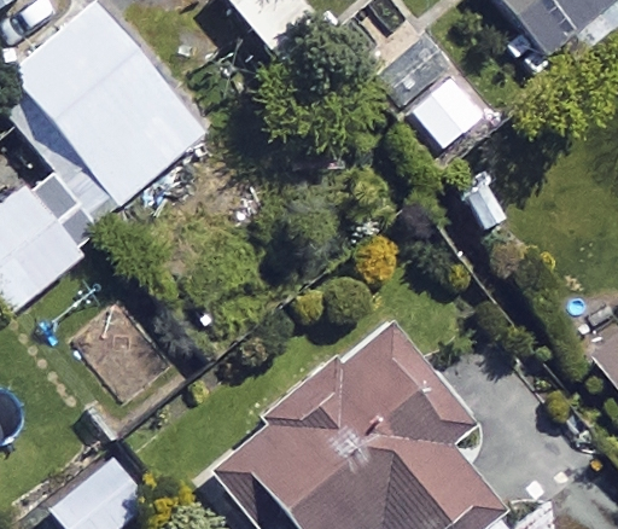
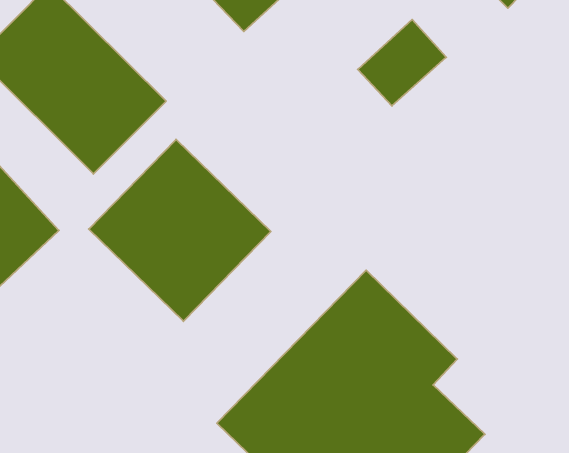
building: none -> [89,139,271,321]

